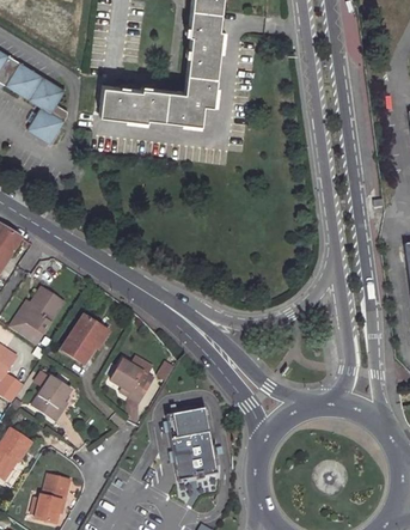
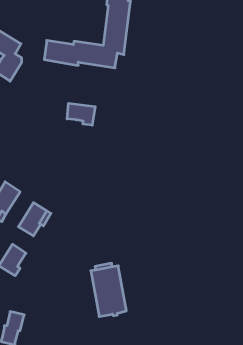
building: none -> [67,103,95,125]
building: [110,360,152,402] -> none

